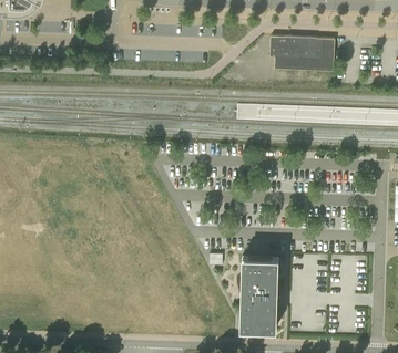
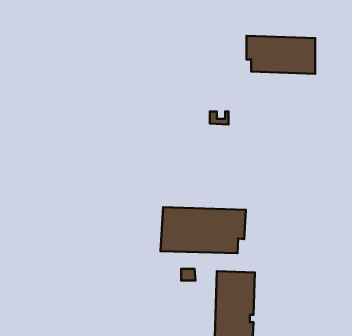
building: none -> [160,207,246,253]

